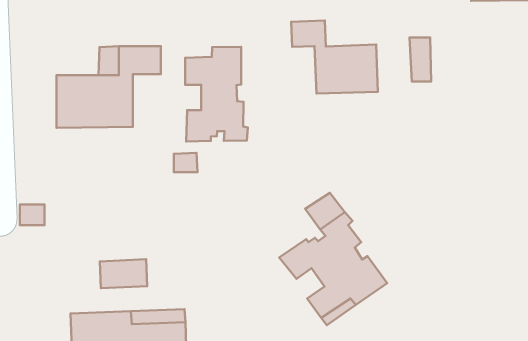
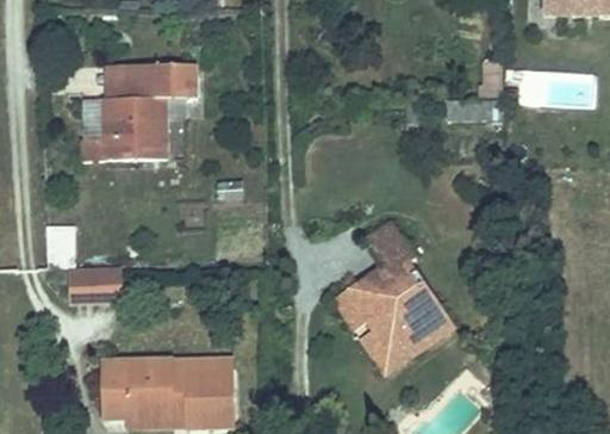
building: [291,20,378,93] -> none
building: [185,47,248,141] -> none
building: [100,259,147,288] -> [67,264,119,296]

